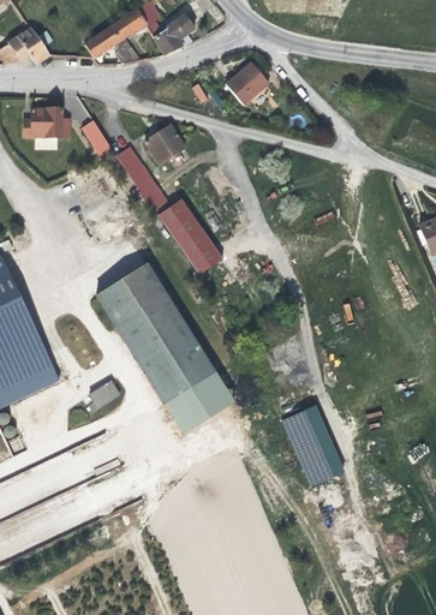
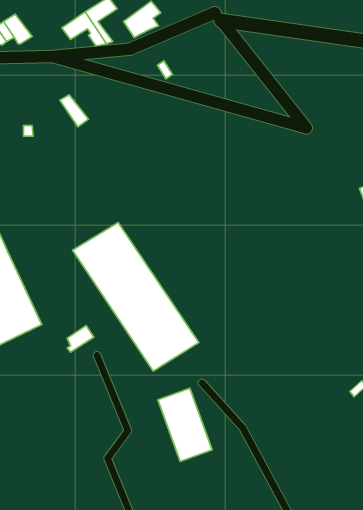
building: [232,62,268,98] -> none
building: [23,108,70,137] -> none
building: [144,125,184,165] -> none
building: [117,148,222,274] -> none
building: [282,404,344,486] -> [158,388,212,461]

